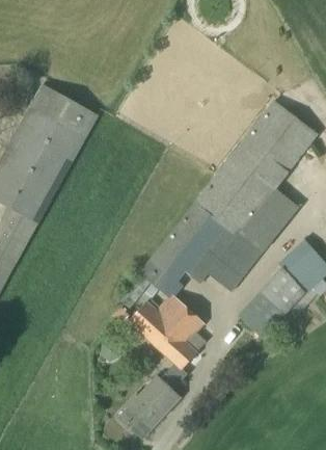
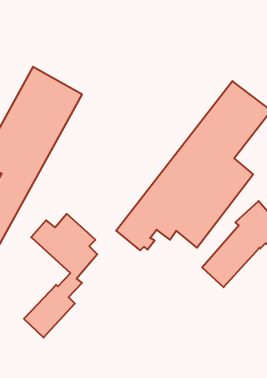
building: [120,294,206,438] -> [24,214,97,338]

